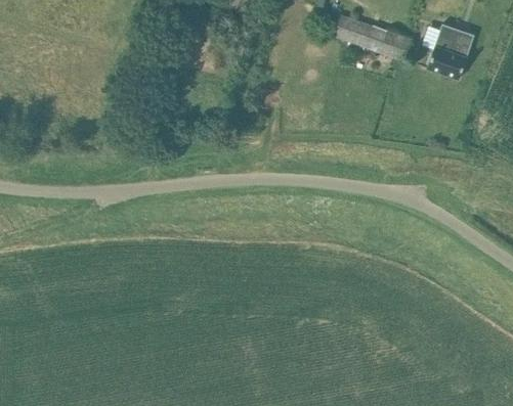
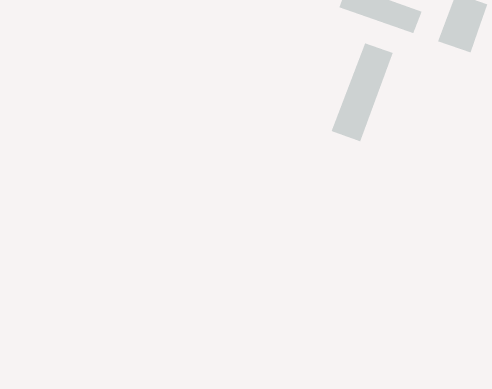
building: none -> [331,43,393,142]

